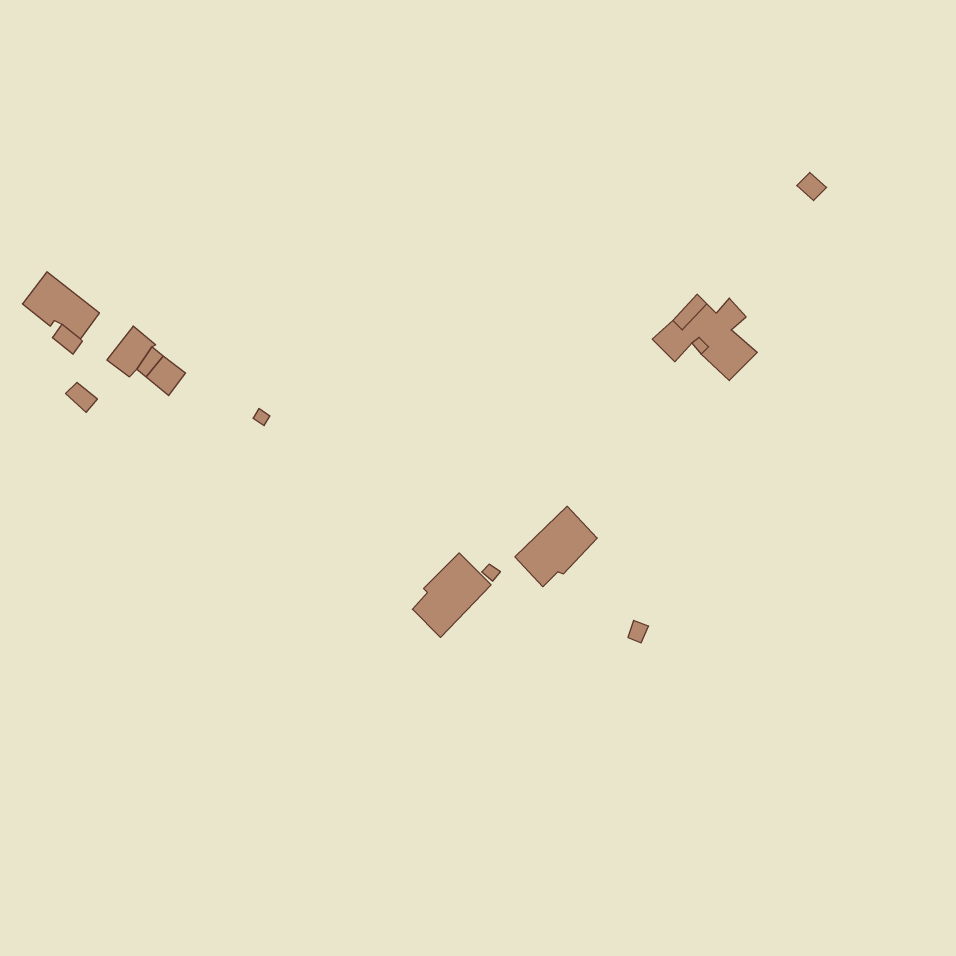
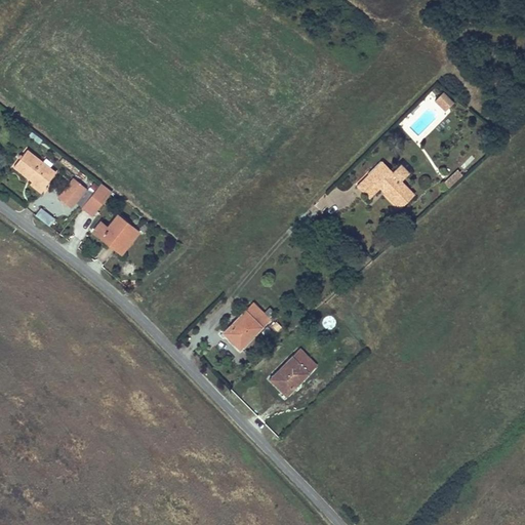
building: none -> [92,216,138,254]
building: [515,506,597,587] -> [270,350,315,394]

